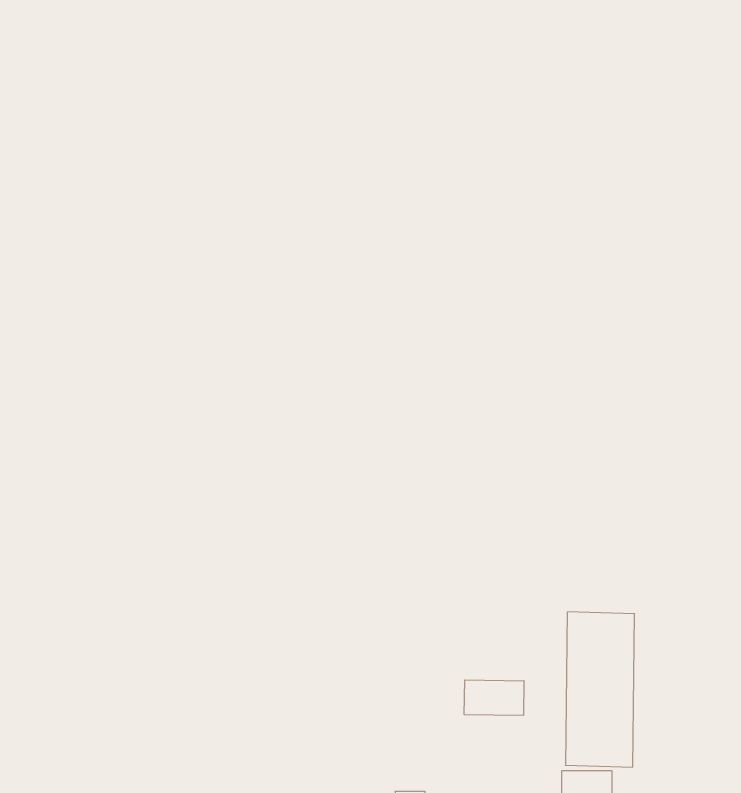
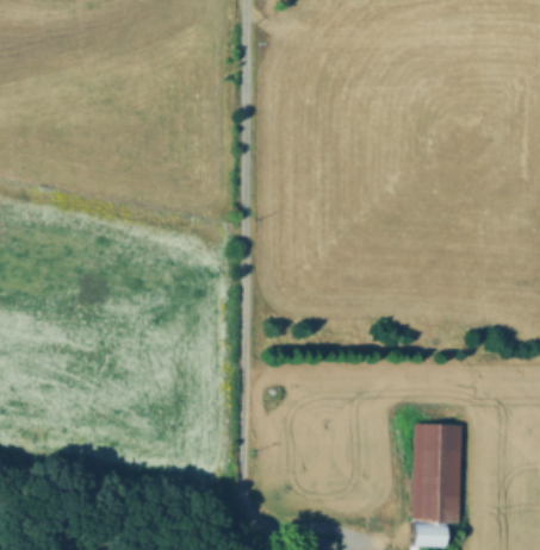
building: [464,680,524,715] -> none

